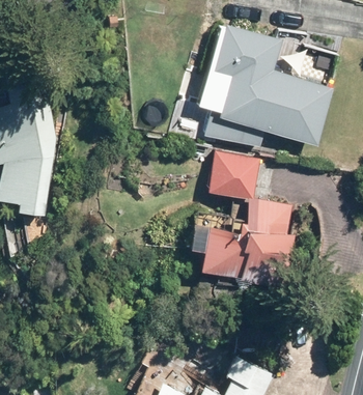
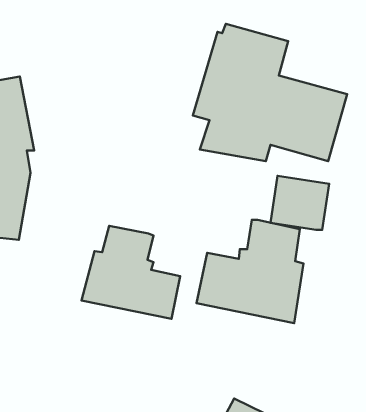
building: [210,150,261,198] -> [270,176,329,230]
building: none -> [82,226,180,319]

